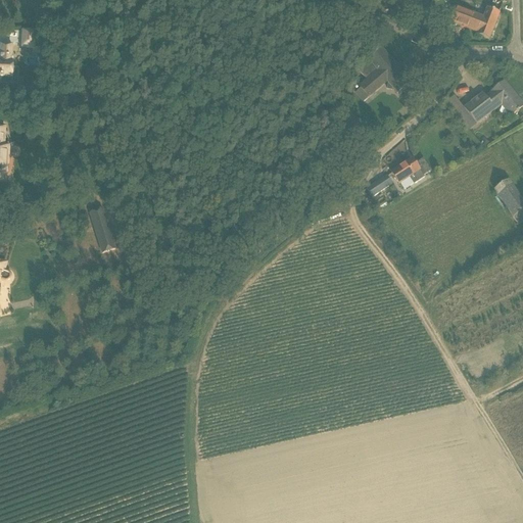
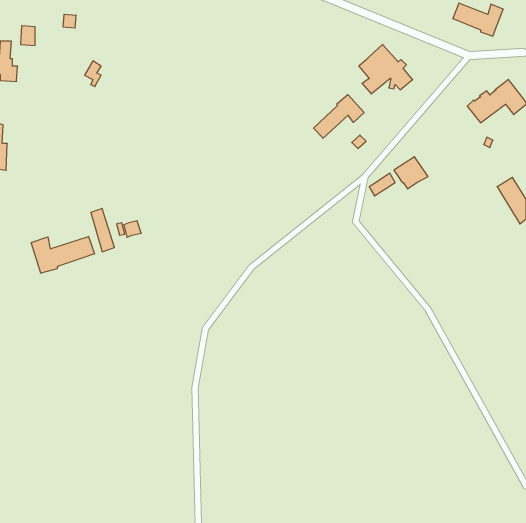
building: none -> [314,95,364,138]
building: none -> [31,236,94,273]

